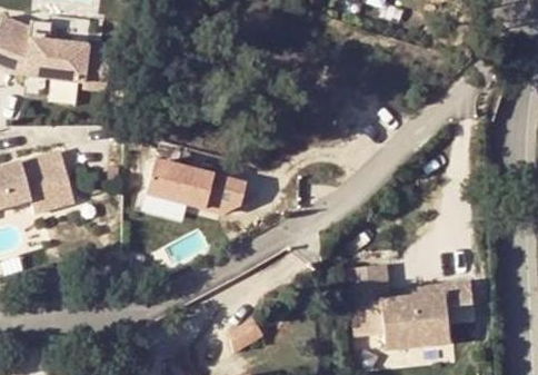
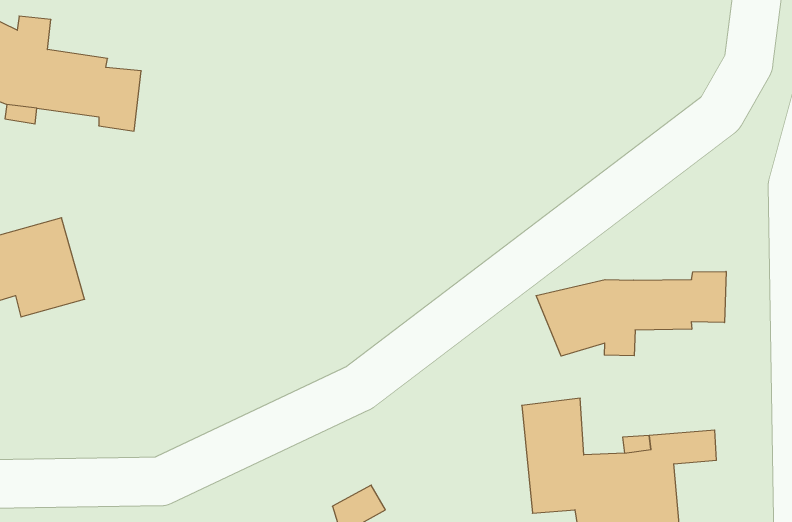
building: [147,165,248,216] -> none
building: none -> [536,271,726,356]

